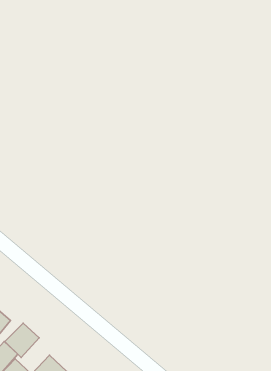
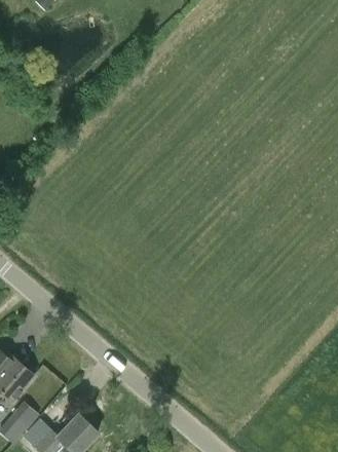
building: [5,323,39,357] -> none

